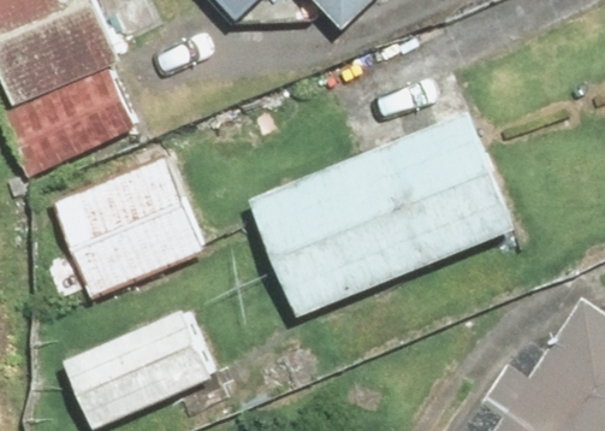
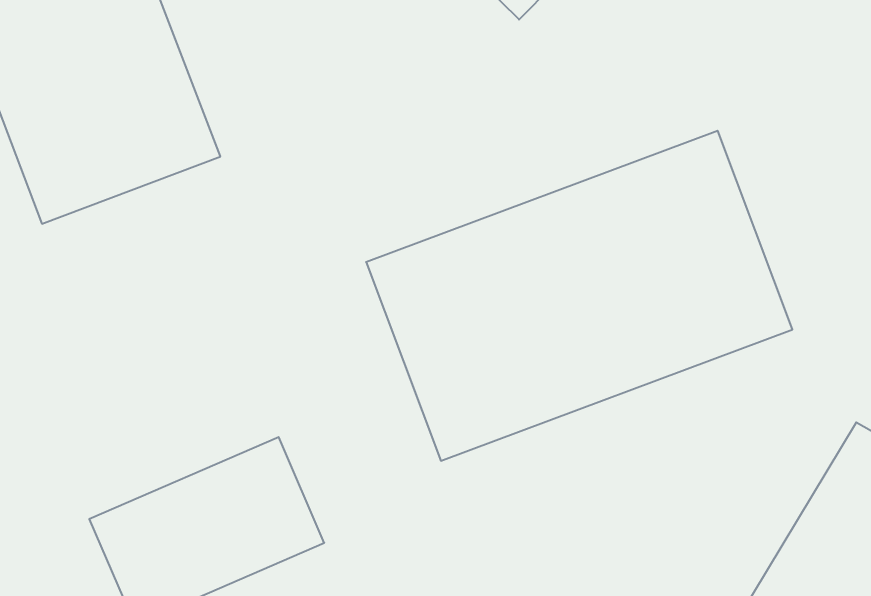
building: [43,152,206,311] -> none

